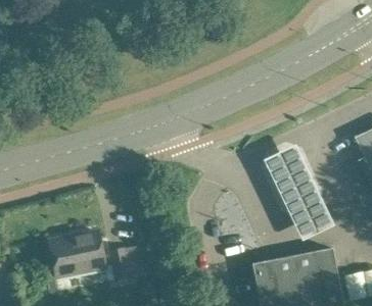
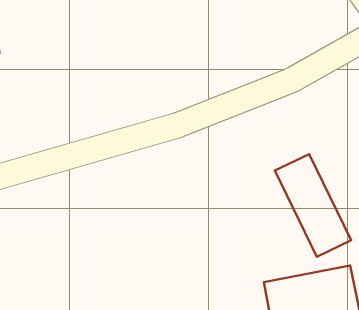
building: [49,230,130,278] -> none

